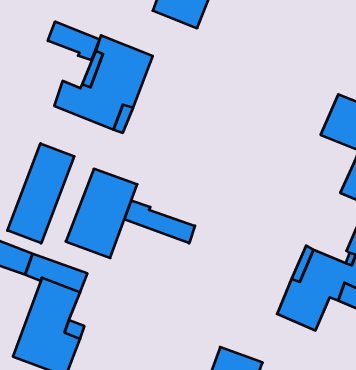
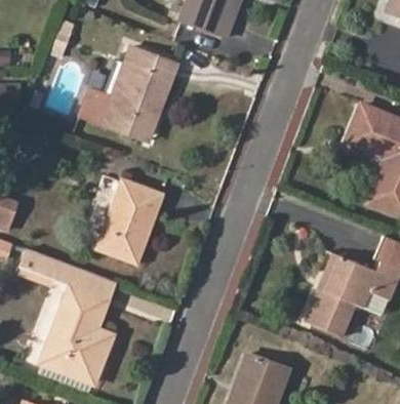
building: [48,22,100,60] -> none
building: [7,143,74,243] -> none
building: [124,201,195,243] -> none

